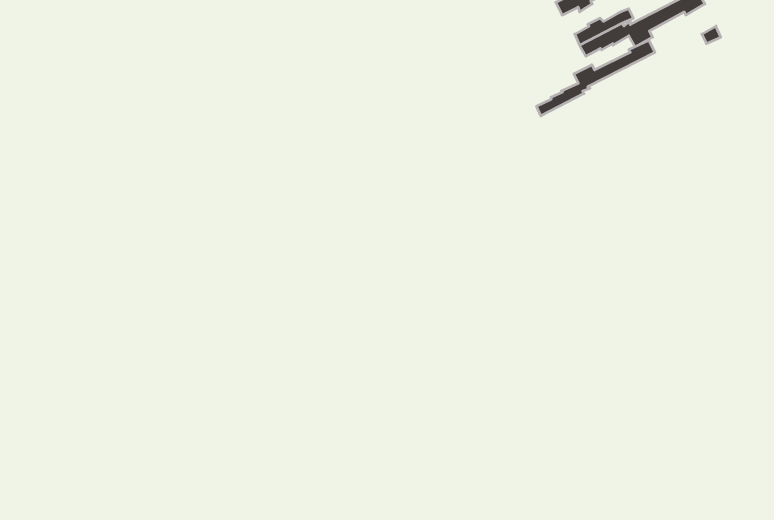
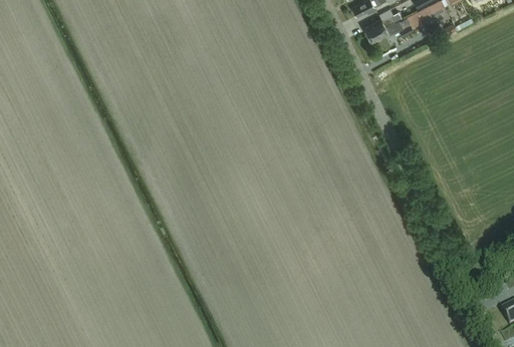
building: [537,40,655,116] -> none

